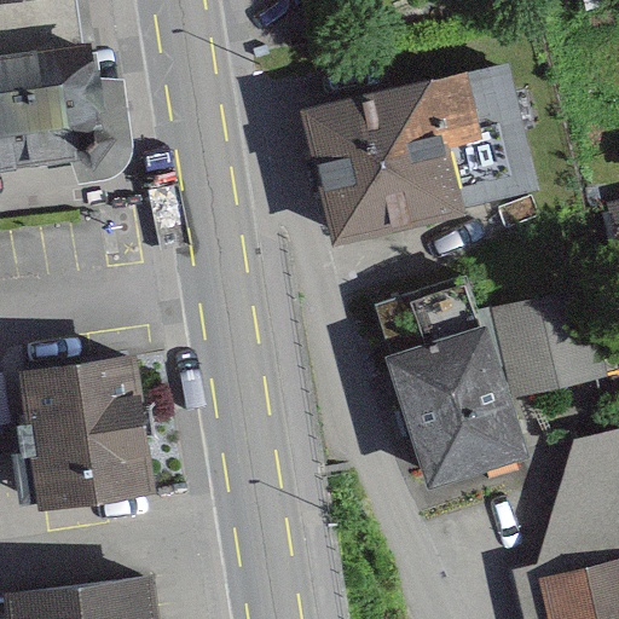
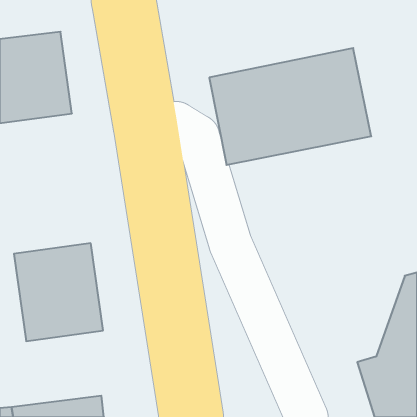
building: [378,289,577,494] -> none

